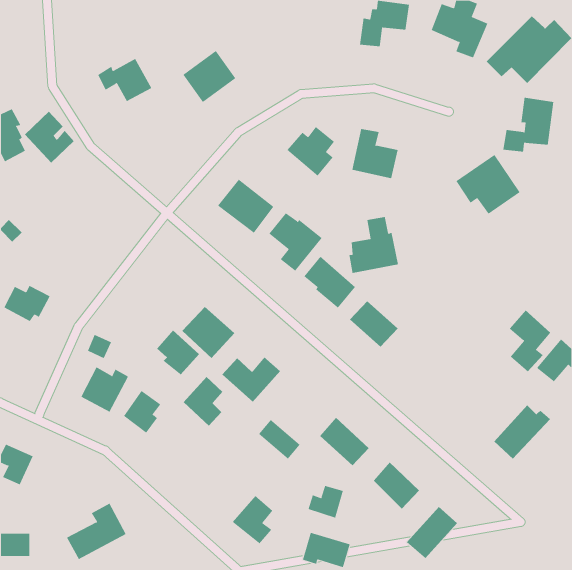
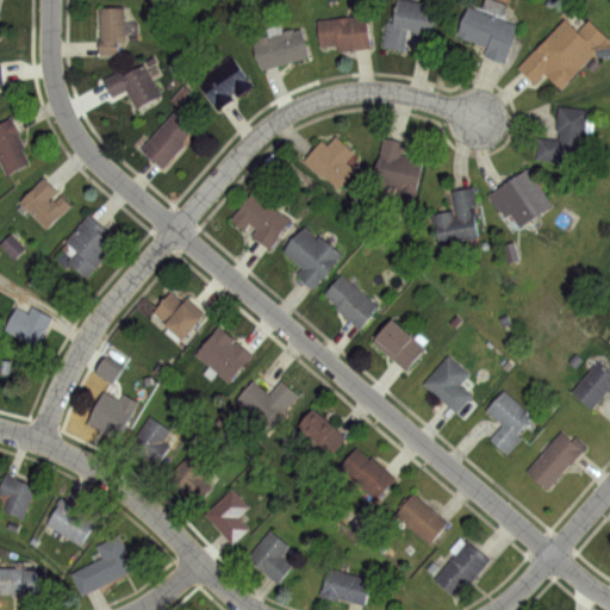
building: none -> [99,10,138,54]
building: none -> [318,15,371,52]
building: none -> [251,27,309,70]
building: none -> [142,112,192,166]
building: [24,111,75,164] -> [17,175,70,231]
building: none -> [63,214,113,276]
building: [349,216,399,273] -> [432,187,486,248]
building: [509,309,551,372] -> [484,392,529,459]
building: [156,329,200,375] -> [154,293,200,342]
building: none -> [424,355,471,411]
building: [183,376,223,427] -> [168,450,211,504]
building: [258,419,301,459] -> [299,412,344,455]
building: none -> [205,488,250,544]
building: none -> [46,500,95,546]
building: [308,485,343,519] -> none

